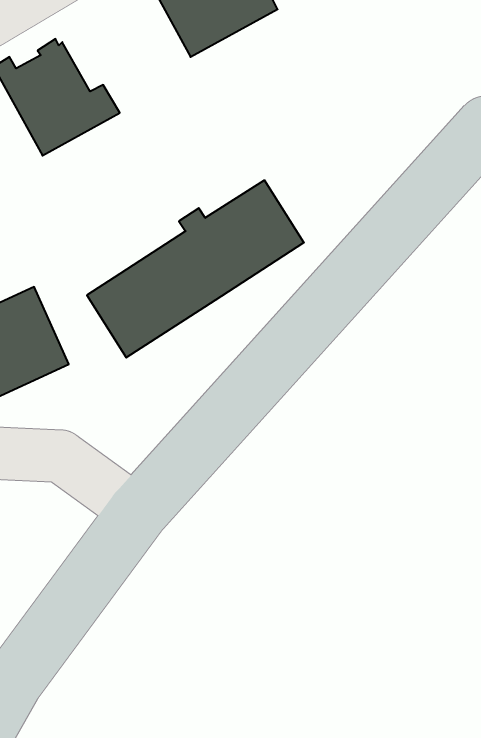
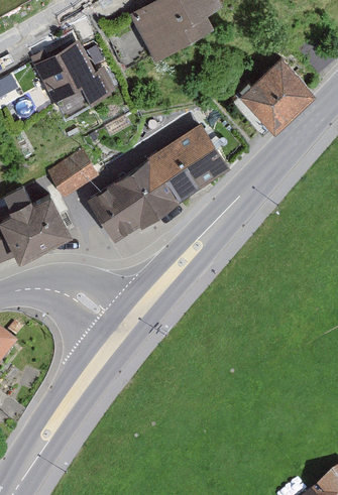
building: none -> [231,57,308,131]
building: none -> [45,143,97,191]

